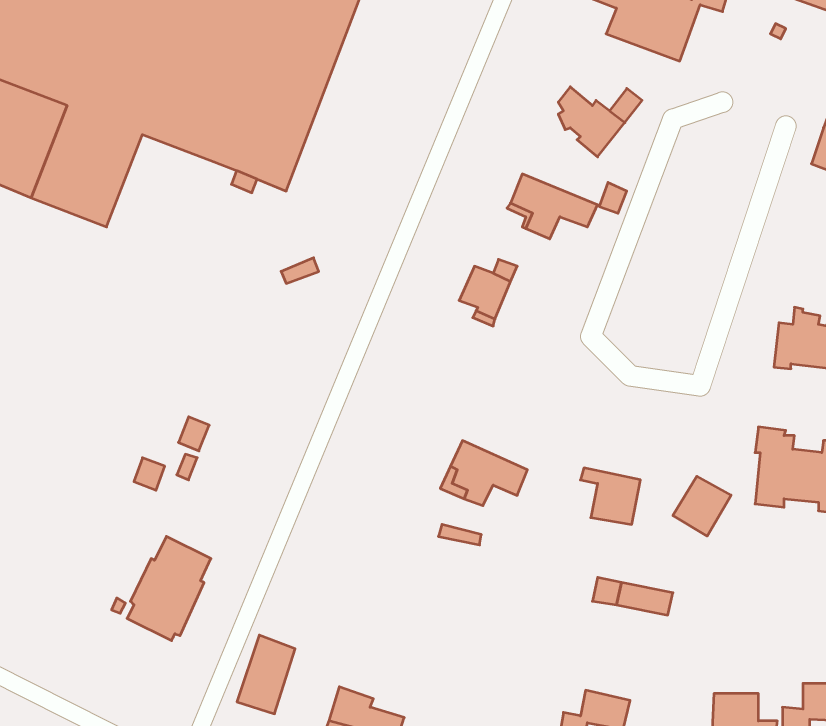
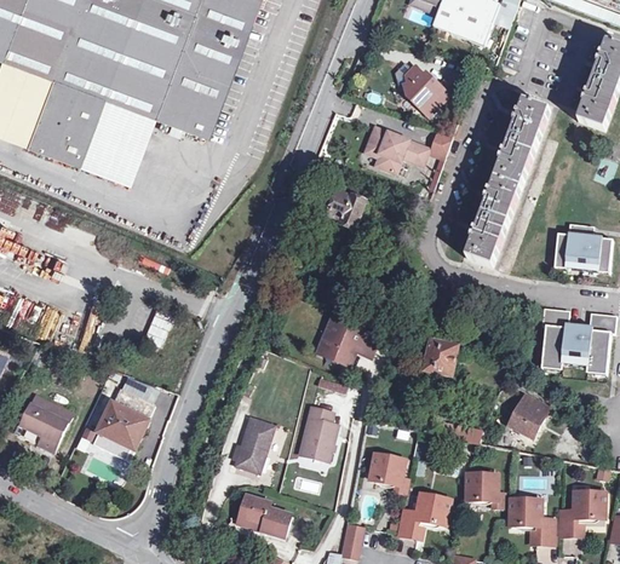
building: none -> [80,102,156,188]
building: none -> [465,102,551,267]
building: [673,476,731,536] -> [507,393,549,436]
building: none -> [21,397,74,455]
building: none -> [298,404,335,459]
building: none -> [371,451,411,490]
building: [237,635,295,714] -> [234,416,275,472]
building: none -> [466,473,505,506]

